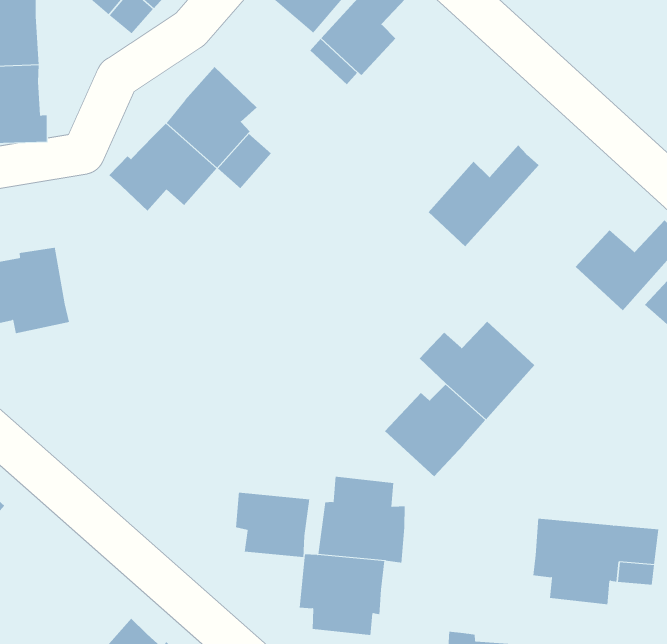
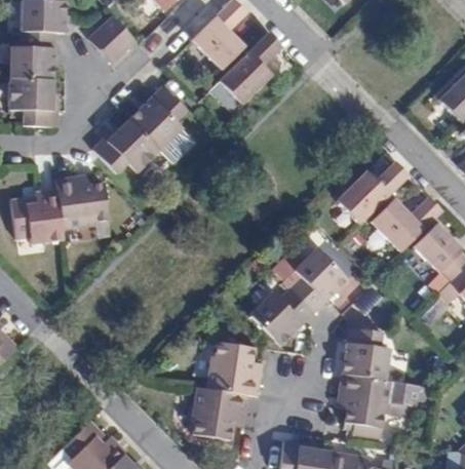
building: [428,145,539,247] -> [339,162,409,223]
building: none -> [55,174,107,226]
building: none -> [342,326,393,381]
building: [235,492,310,558] -> none

